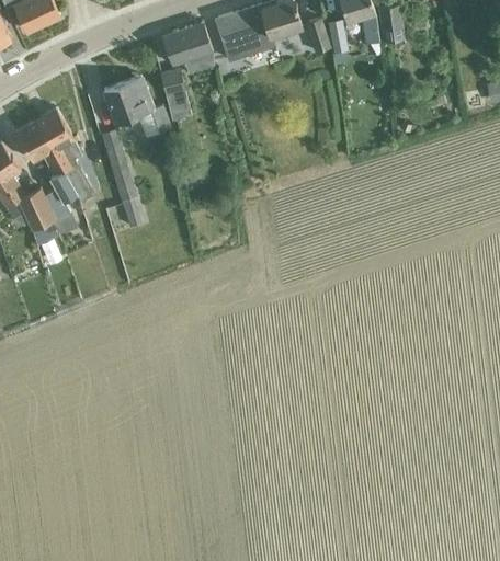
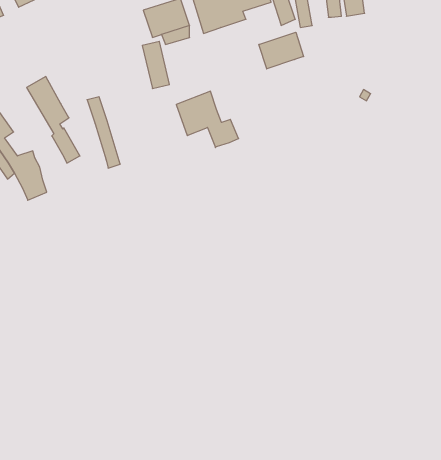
building: none -> [259,32,304,69]
building: [103,77,171,138] -> [176,91,239,148]
building: [15,121,76,221] -> none

